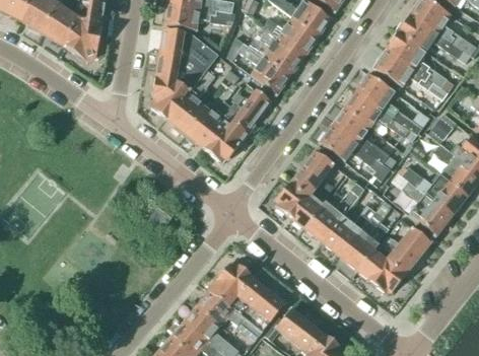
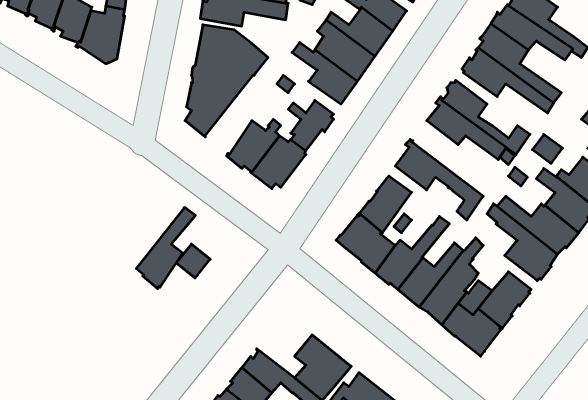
building: [167,70,215,135] -> [136,208,195,289]
building: [334,106,396,167] -> none
building: [209,260,254,313] -> none

